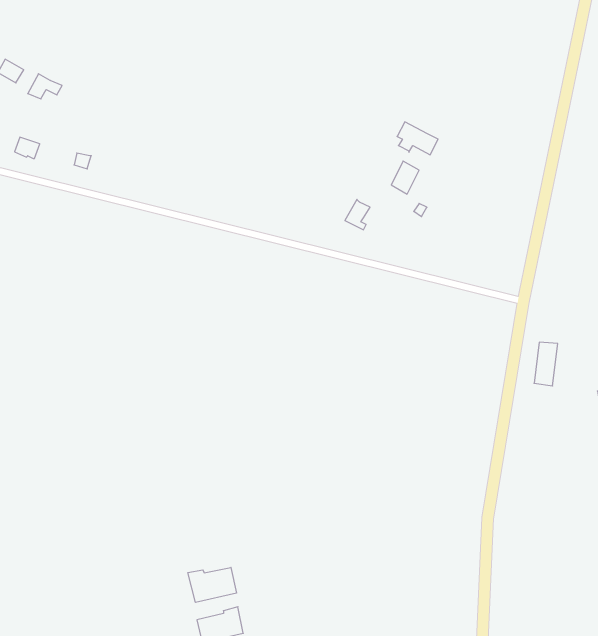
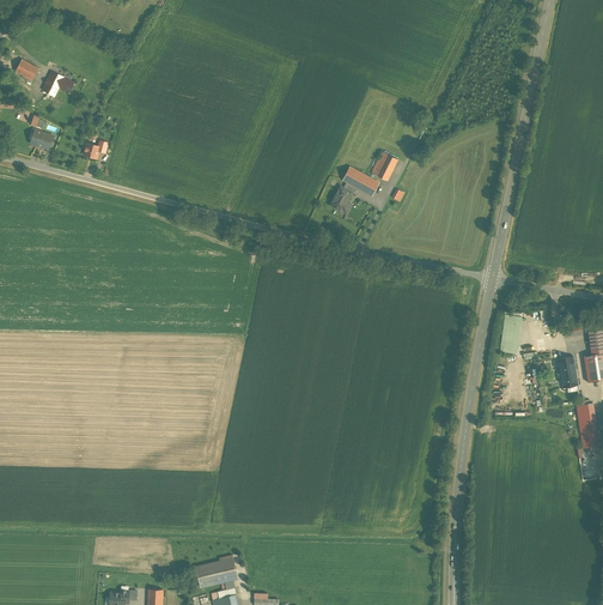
building: [397,122,438,155] -> [341,167,378,196]
building: [188,567,236,602] -> none

